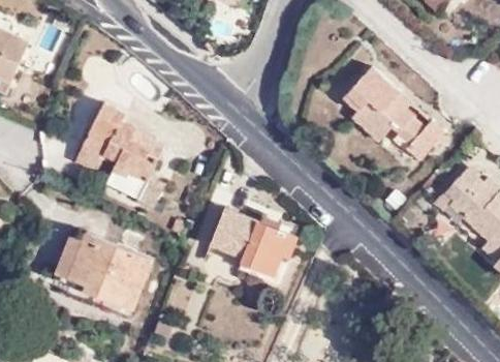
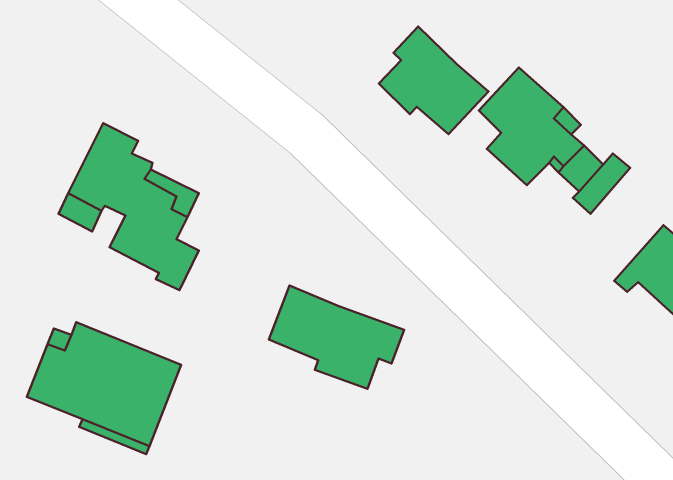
building: none -> [379,27,488,134]

